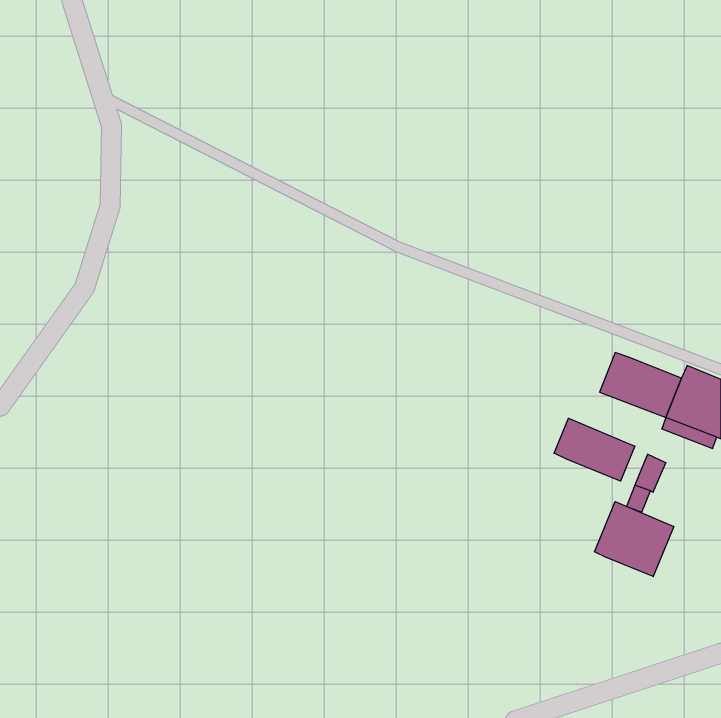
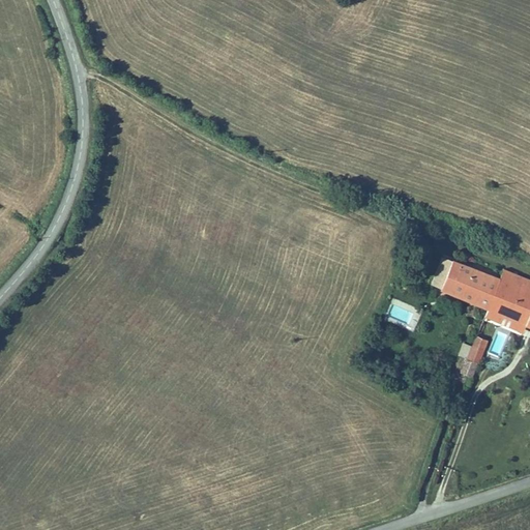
building: [554,418,635,481] -> none
building: [595,502,674,577] -> none

